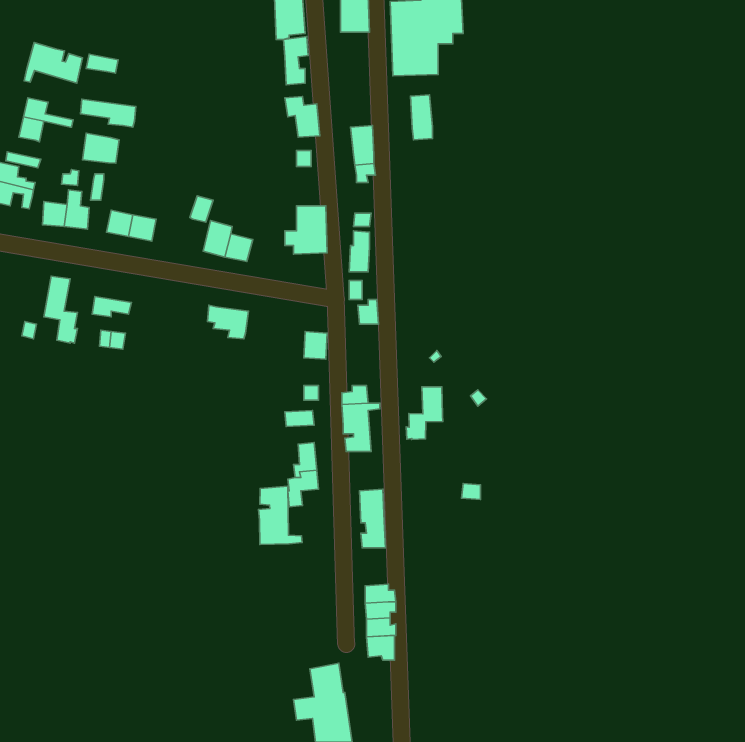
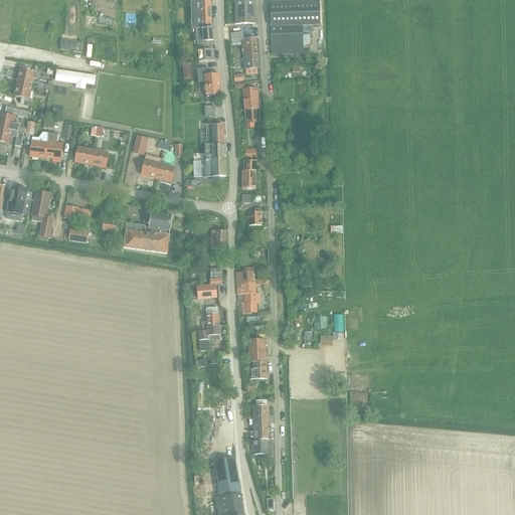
building: [24,43,82,83] -> none
building: [411,95,433,140] -> [241,36,256,67]
building: [83,133,119,163] -> none
building: none -> [200,123,222,142]
building: none -> [6,185,31,218]
building: none -> [123,221,168,251]
building: [406,387,443,440] -> none
building: [259,486,302,544] -> none

